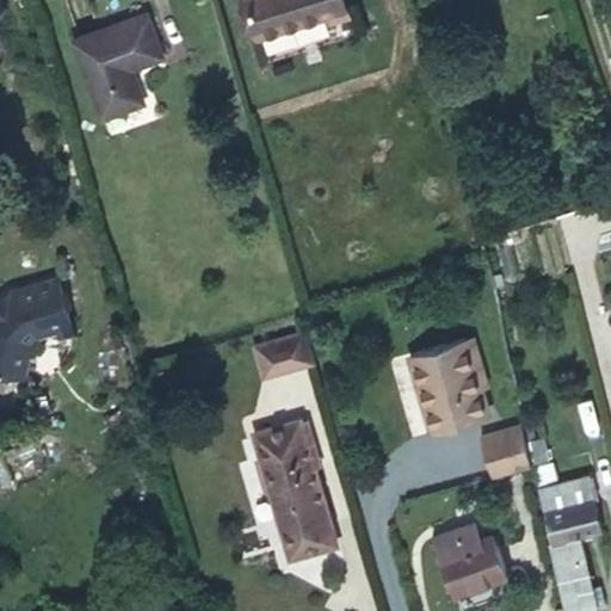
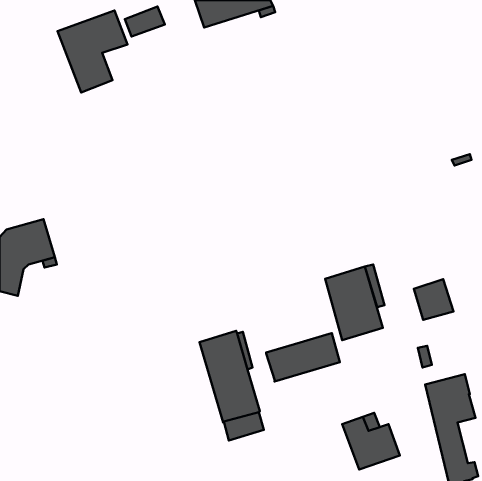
building: none -> [125,6,165,37]
building: [253,332,310,377] -> none
building: none -> [266,333,340,382]
building: [479,425,529,476] -> [414,279,453,320]

